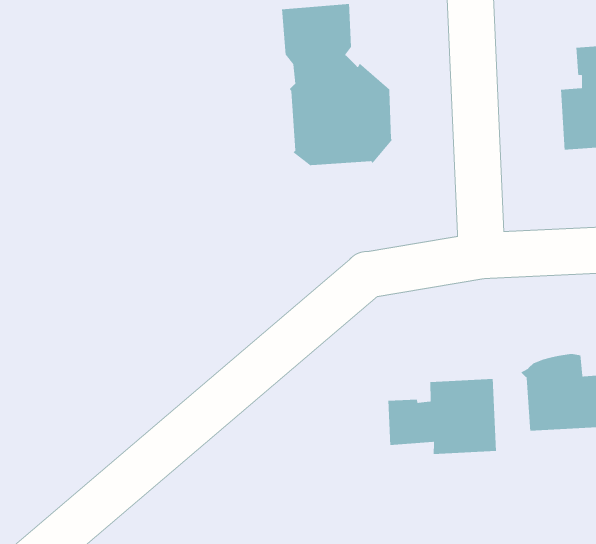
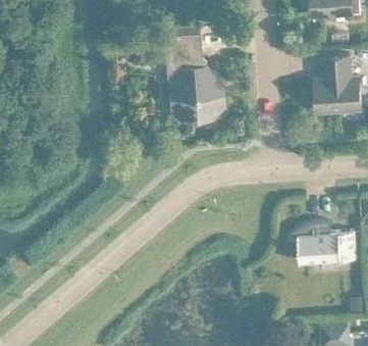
building: [388,378,497,455] -> none

